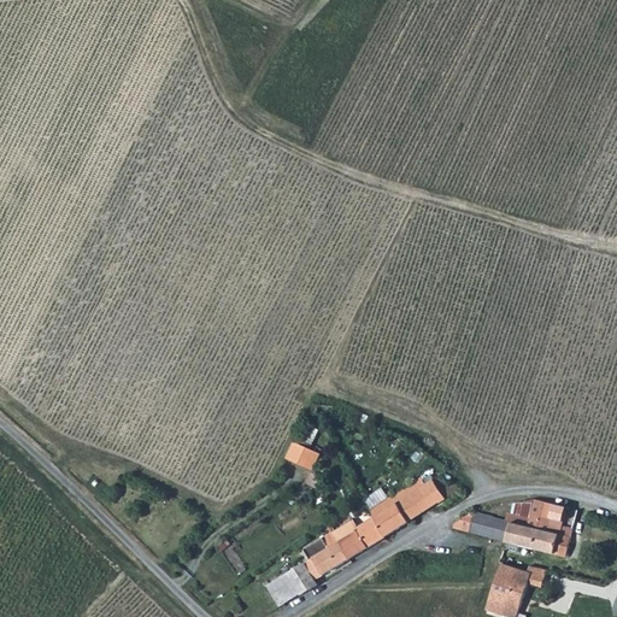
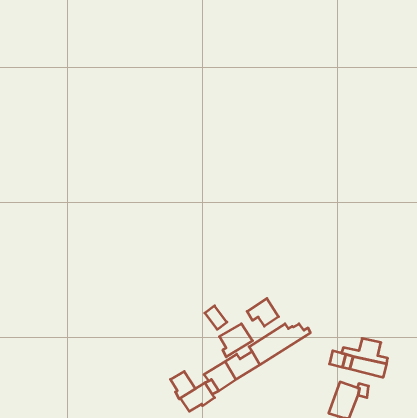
building: none -> [247,298,279,326]
building: none -> [219,324,253,357]
building: [452,510,490,535] -> none
building: none -> [170,371,195,399]

